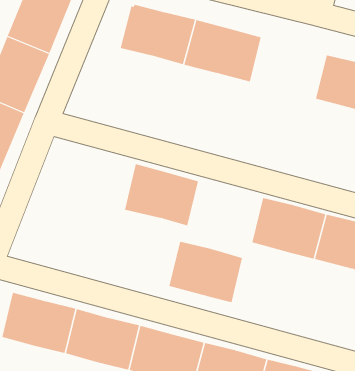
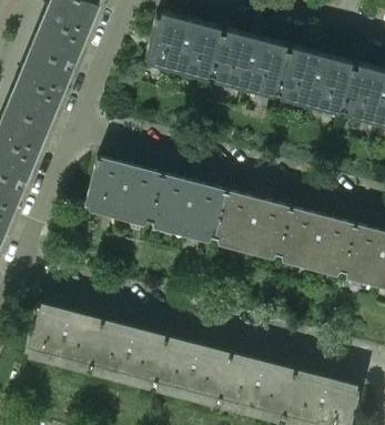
building: none -> [278,48,355,110]
building: none -> [87,159,162,222]
building: [168,241,243,303] -> [215,193,291,255]

